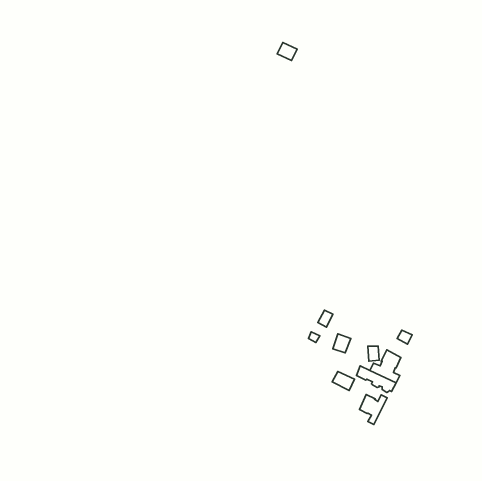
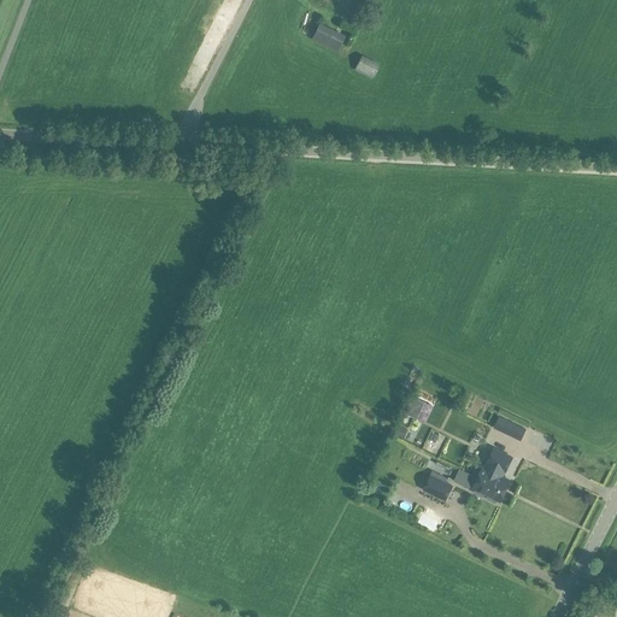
building: none -> [312,22,346,51]
building: [359,394,387,424] -> none

